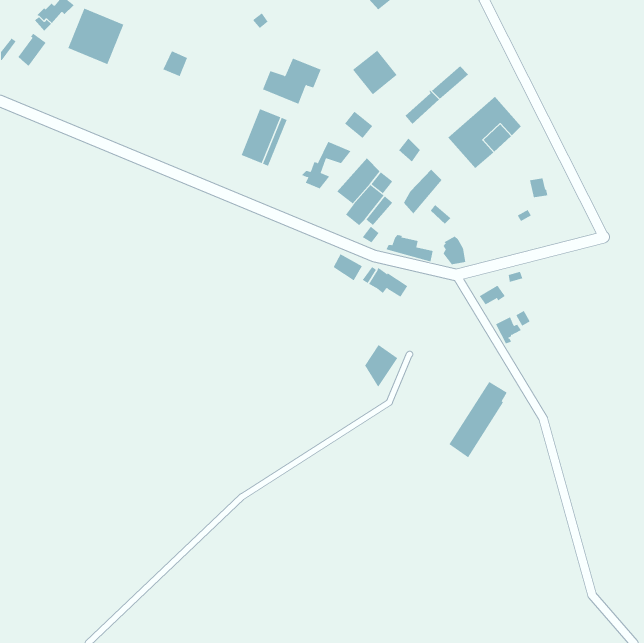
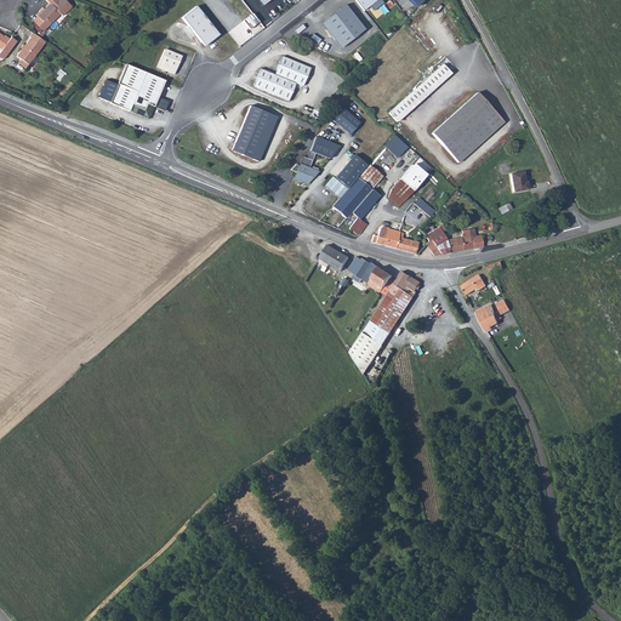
building: none -> [182,5,218,42]
building: [68,8,124,65] -> [109,63,164,118]
building: [352,50,398,95] -> [321,5,365,49]
building: none -> [446,227,483,252]
building: [448,381,508,458] -> [364,270,421,344]

